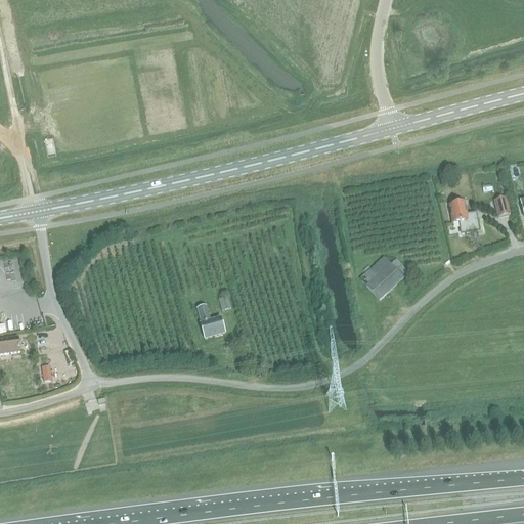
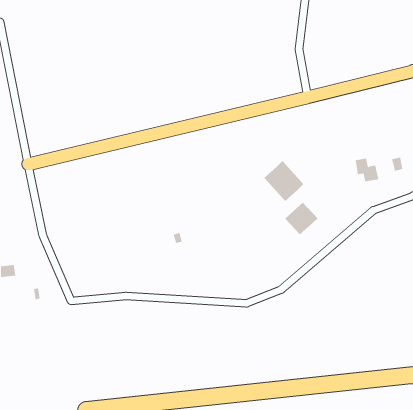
building: none -> [263,160,304,202]
building: [198,304,225,337] -> none

